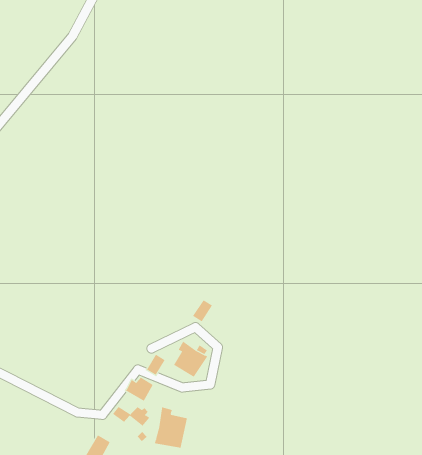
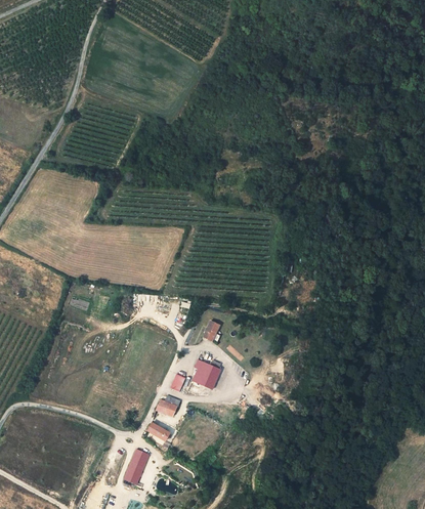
building: [154,407,188,448] -> none

